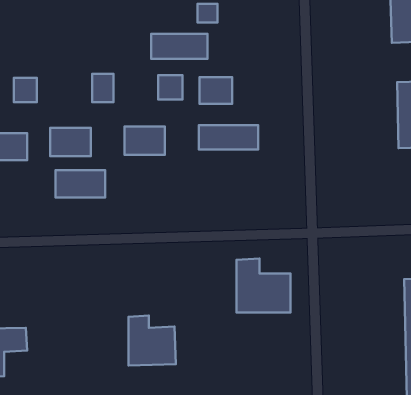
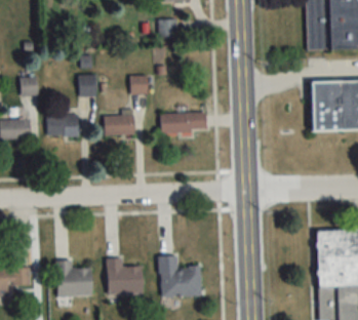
building: [151,34,208,59] -> none
building: [199,77,232,104] -> none
building: [56,170,105,197] -> none
building: [236,259,290,313] -> [160,255,201,296]
building: none -> [56,259,92,296]

